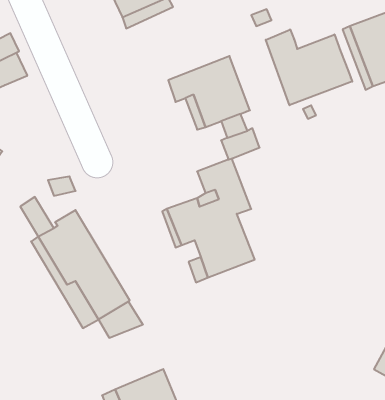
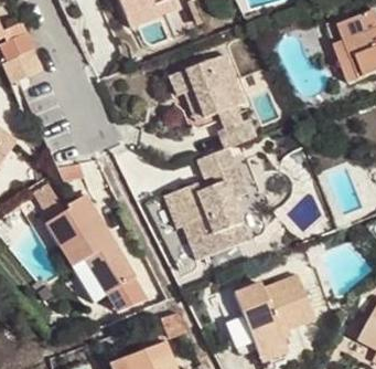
building: [266,29,352,105] -> none
building: none -> [221,273,316,360]

